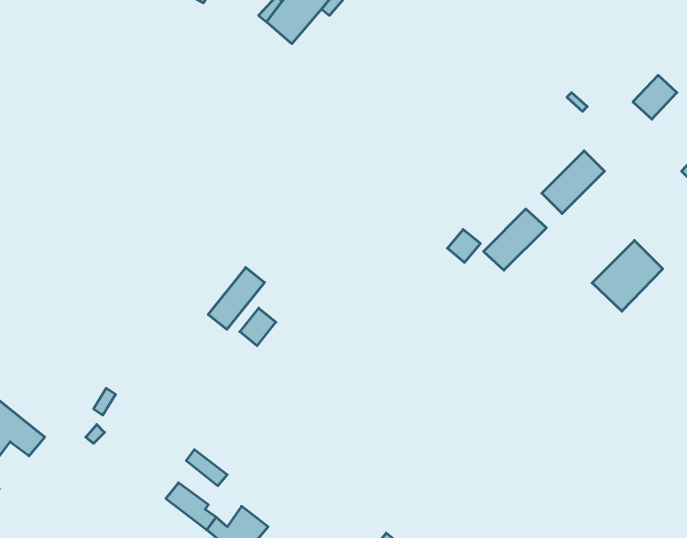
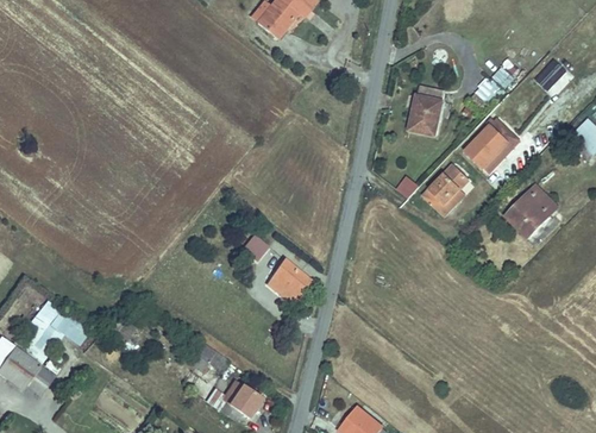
building: none -> [408,90,441,131]
building: [208,267,265,329] -> none
building: none -> [265,258,307,300]

